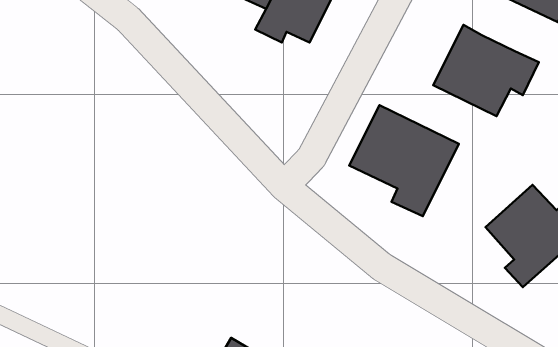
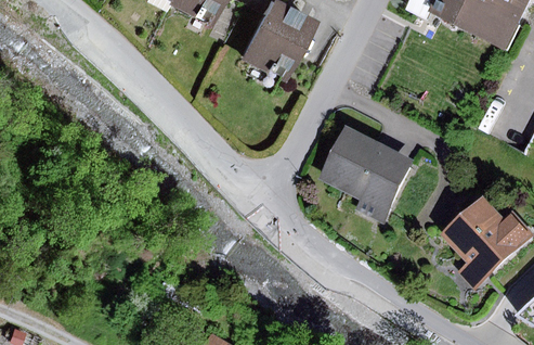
building: [433,25,539,116] -> none

